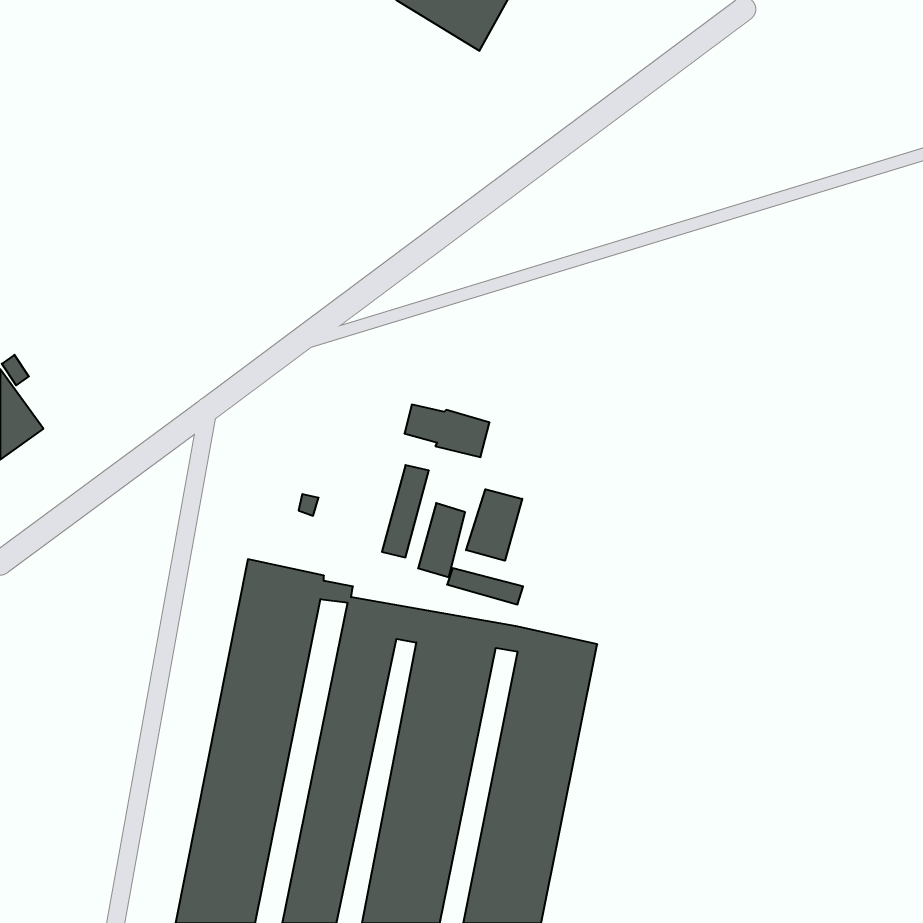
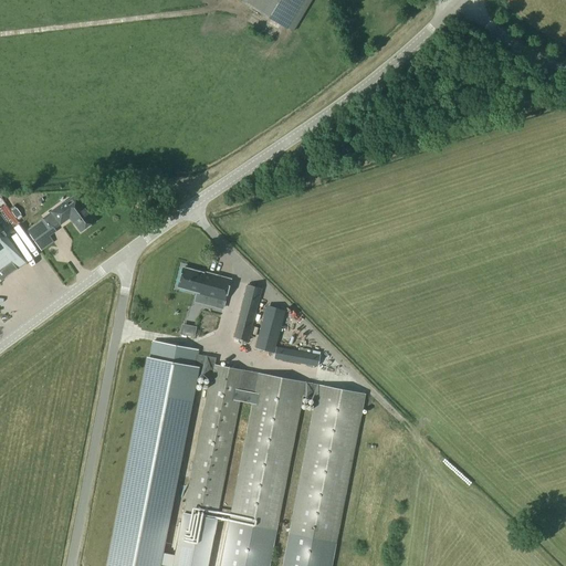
building: none -> [29,196,96,251]
building: [404,405,490,457] -> [179,269,231,301]
building: [466,489,522,561] -> none

